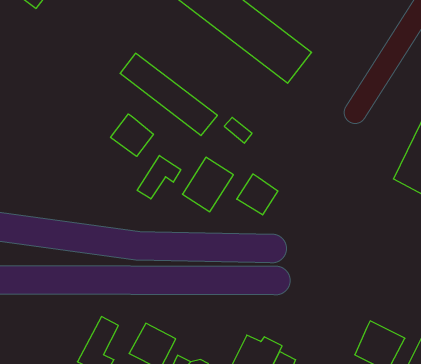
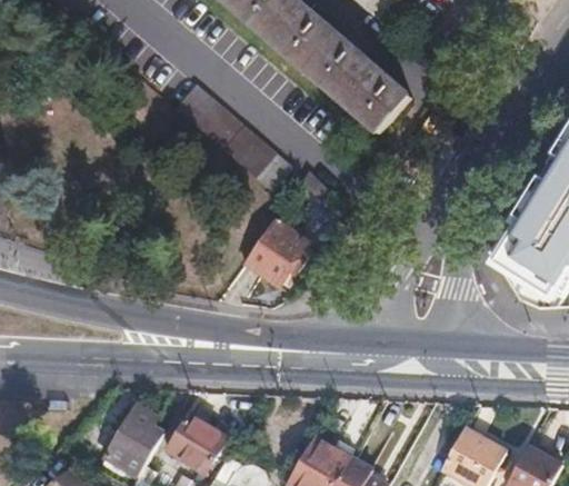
building: [111,114,153,156] -> none
building: [137,155,181,199] -> none
building: [237,174,278,215] -> none

